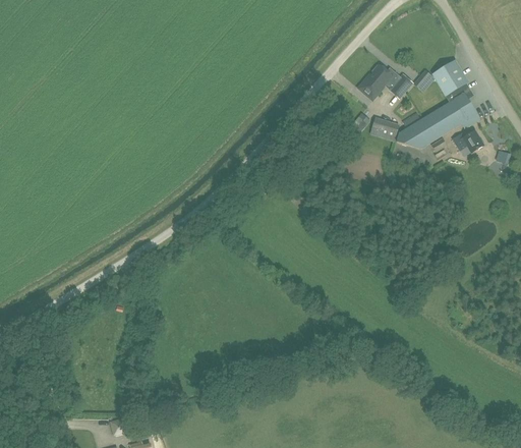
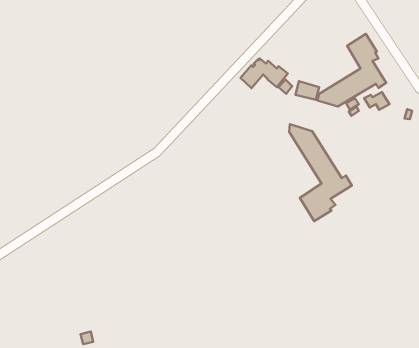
building: [356,64,413,100] -> [240,58,288,88]
building: none -> [289,124,352,221]

